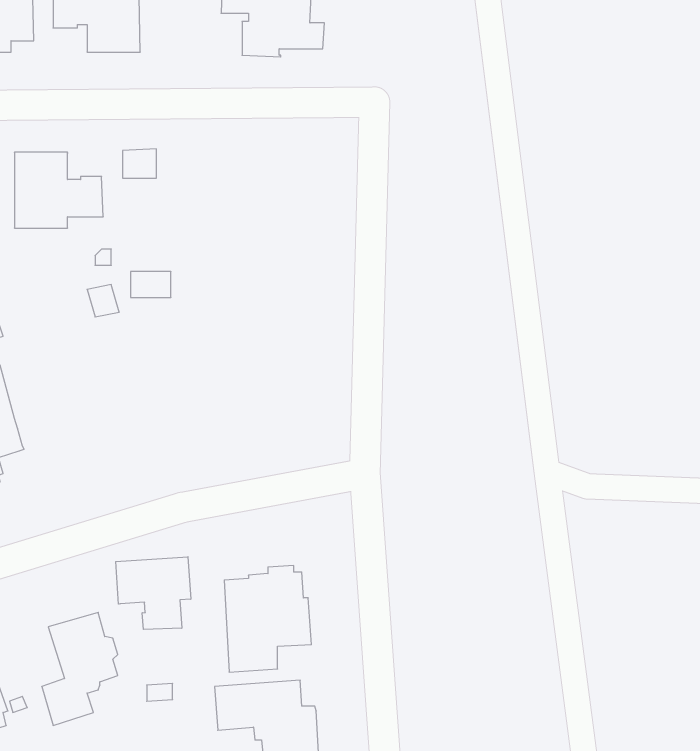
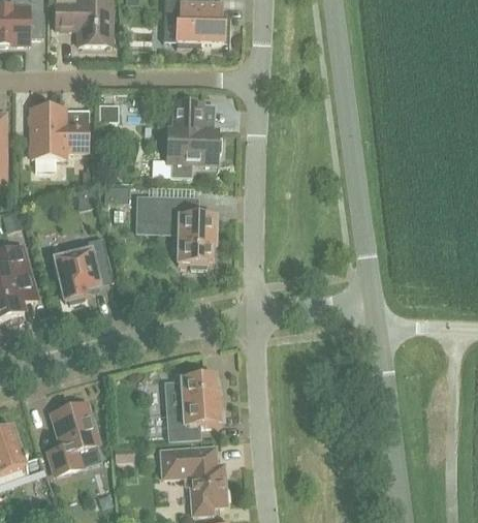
building: none -> [167,100,221,175]
building: none -> [136,194,216,267]
building: none -> [55,236,109,301]
building: [116,557,191,629] -> none

